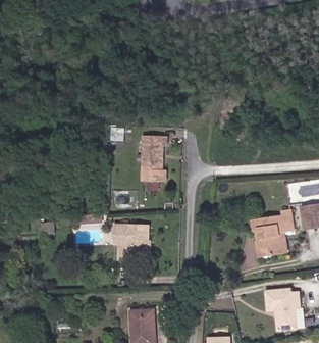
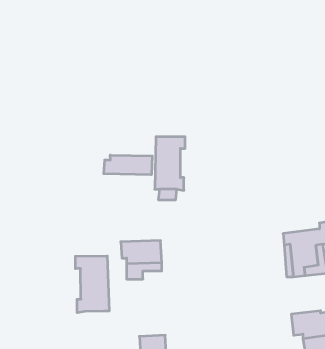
building: none -> [104,155,152,175]
building: none -> [75,256,109,313]

